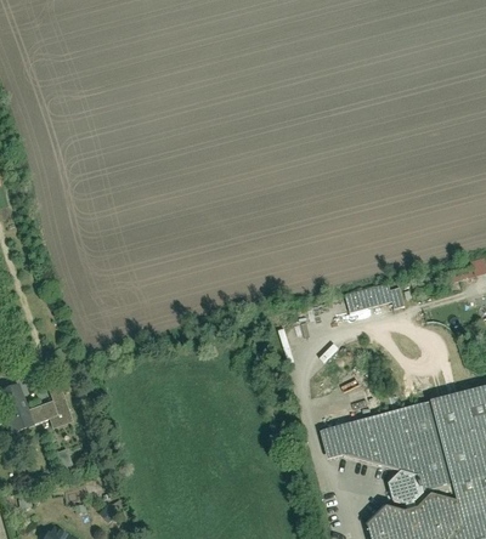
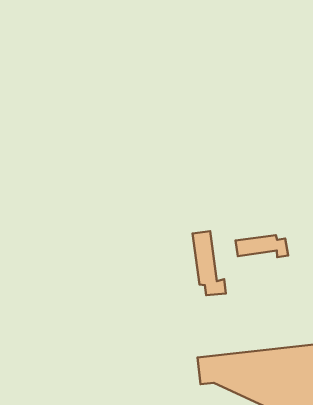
building: none -> [192,231,226,295]

